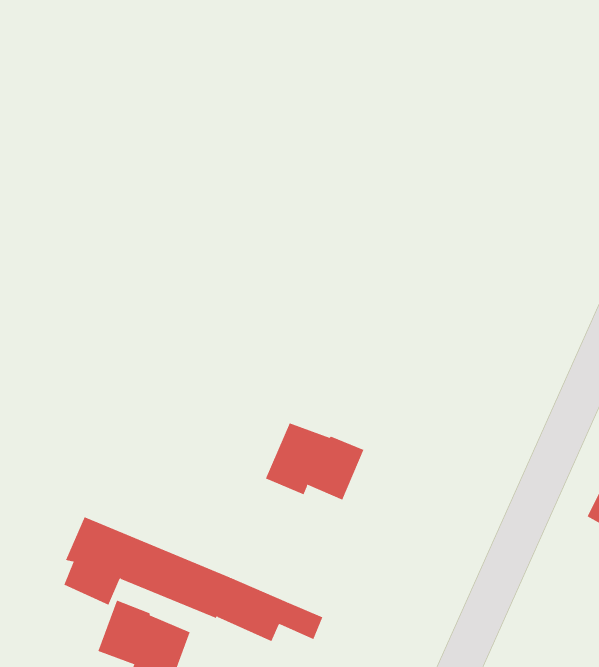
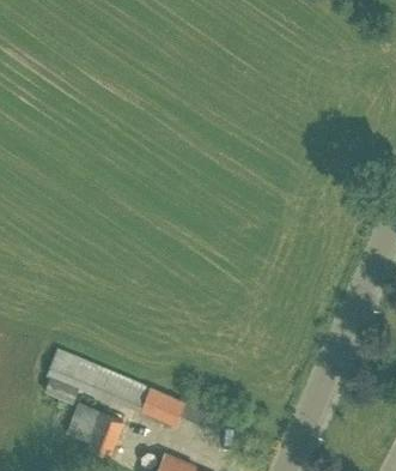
building: [265,422,364,500] -> none

